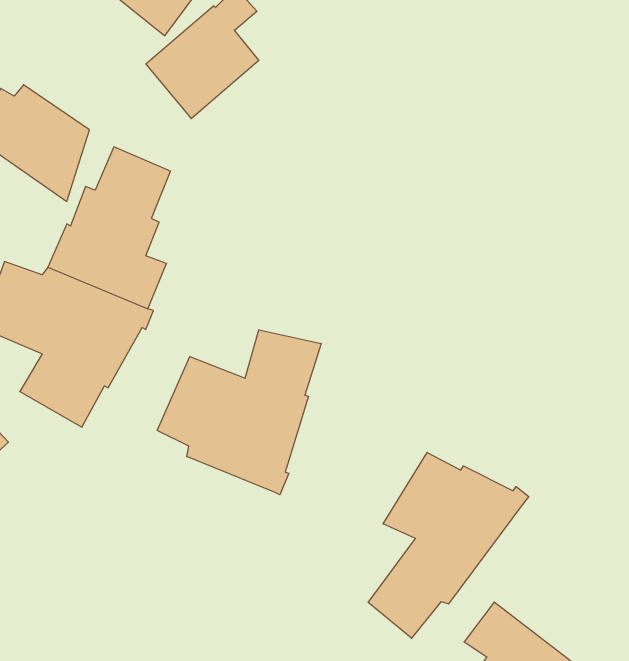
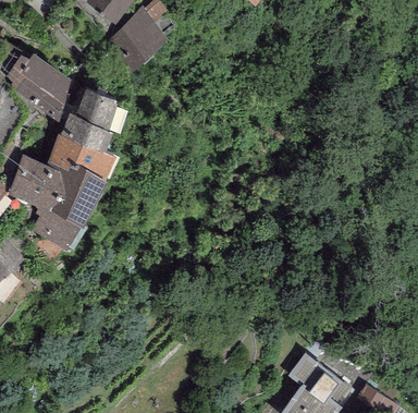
building: [157,330,321,495] -> none
building: [368,452,529,638] -> none

